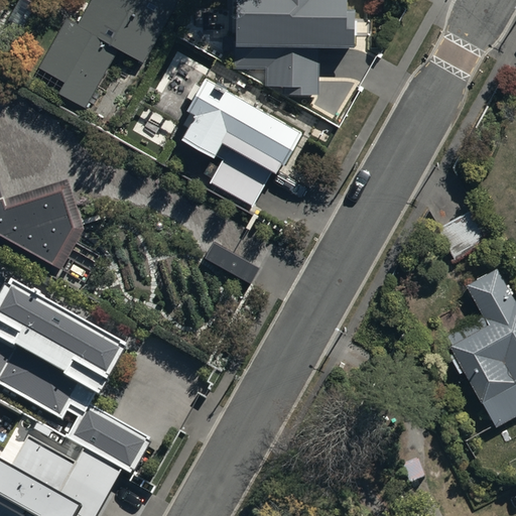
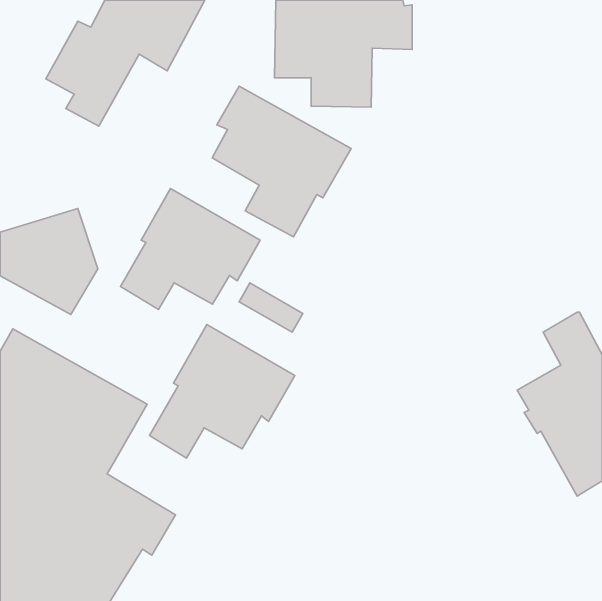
building: none -> [121,188,260,309]
building: none -> [150,325,295,458]

